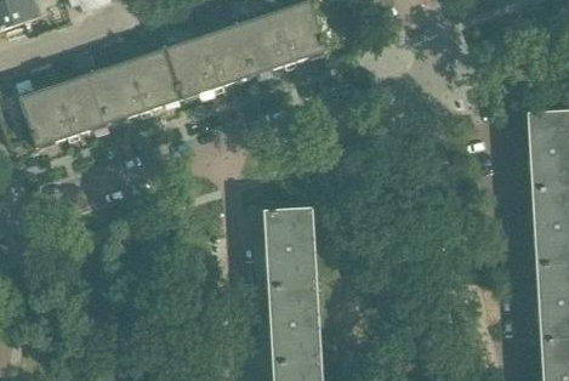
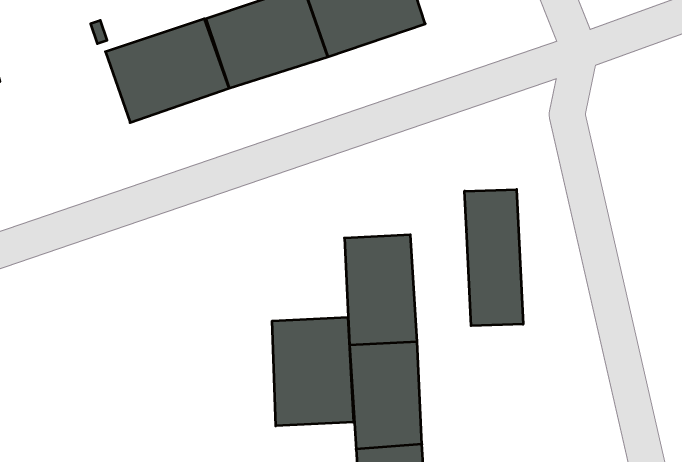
building: [17,72,107,147] -> none
building: none -> [465,189,523,326]
building: none -> [272,317,353,426]

